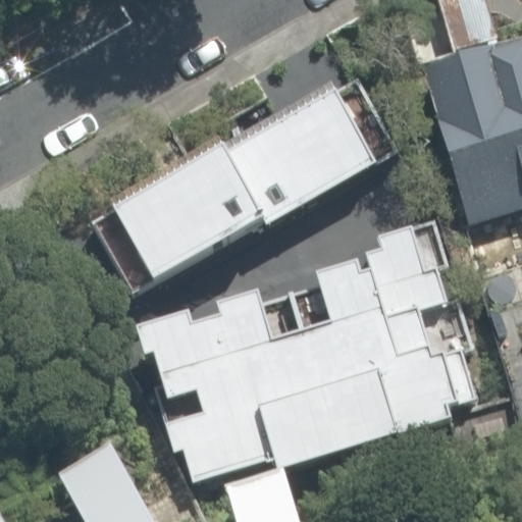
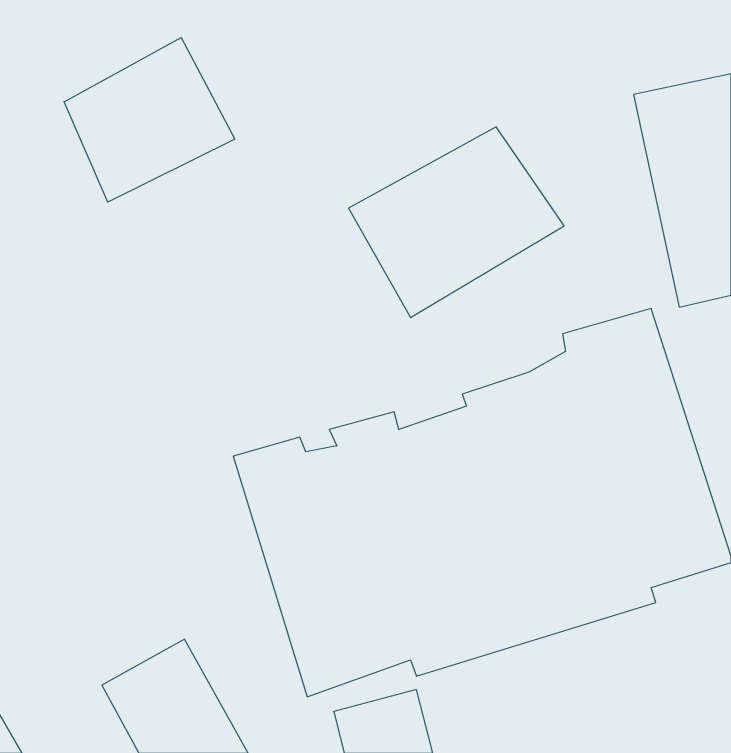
building: none -> [64,38,235,202]
building: [115,144,283,285] -> none

